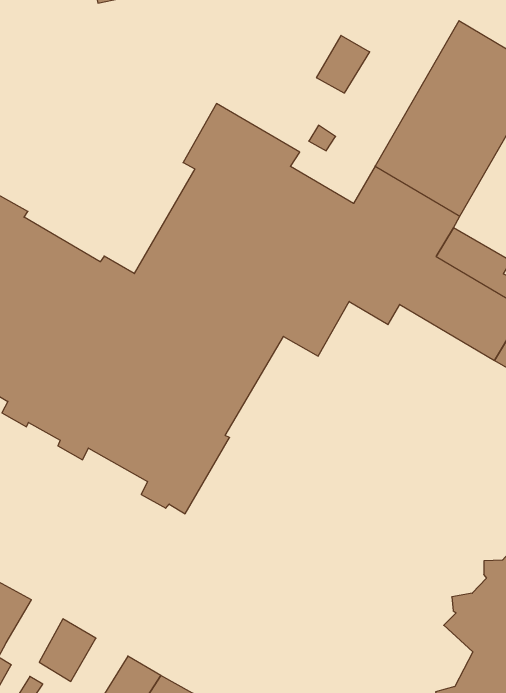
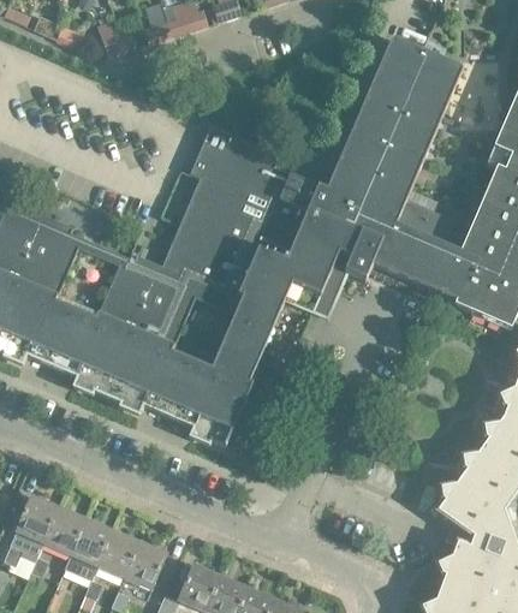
building: [317,35,370,93] -> none
building: none -> [96,529,138,577]

